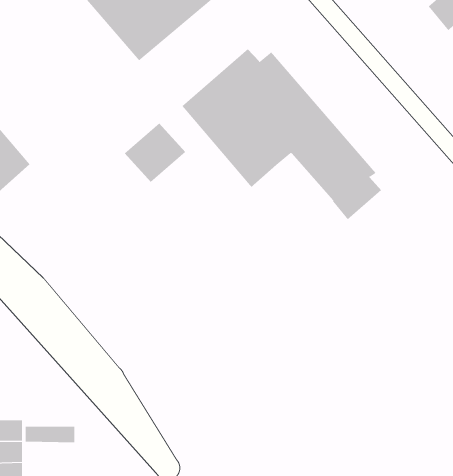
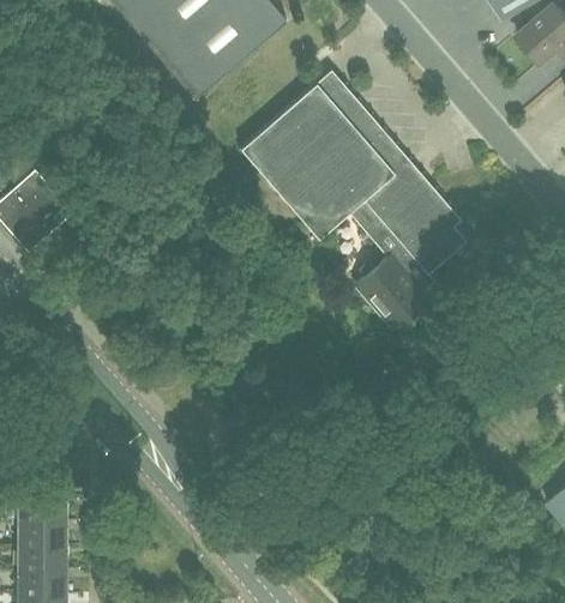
building: [124,122,186,183] -> none
building: none -> [349,199,427,327]
building: [25,426,75,443] -> none

